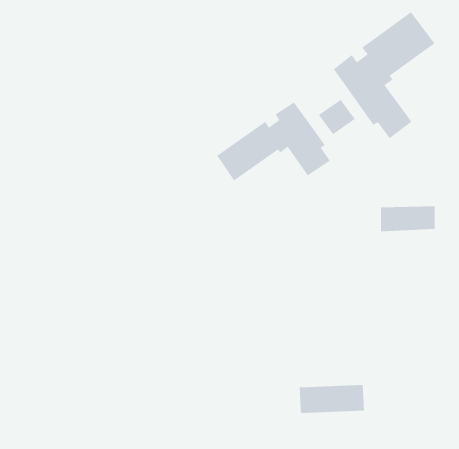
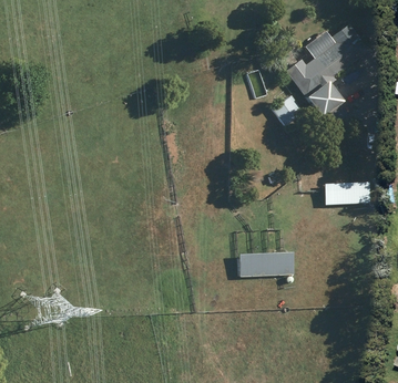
building: [216,101,331,181] -> none
building: [299,384,365,414] -> [234,252,288,277]

